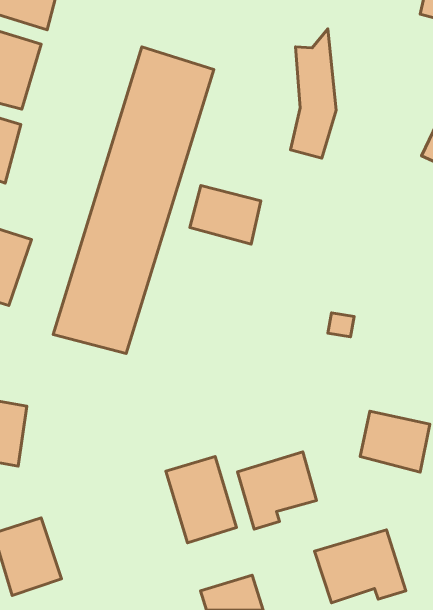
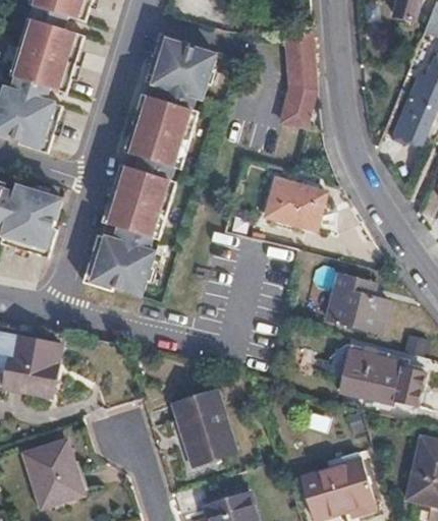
building: [190,185,261,244] -> [265,178,325,228]
building: none -> [328,272,386,328]
building: [238,452,317,529] -> none

